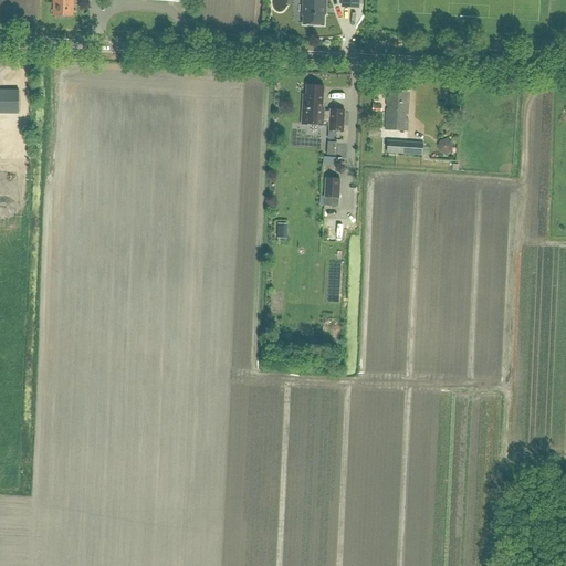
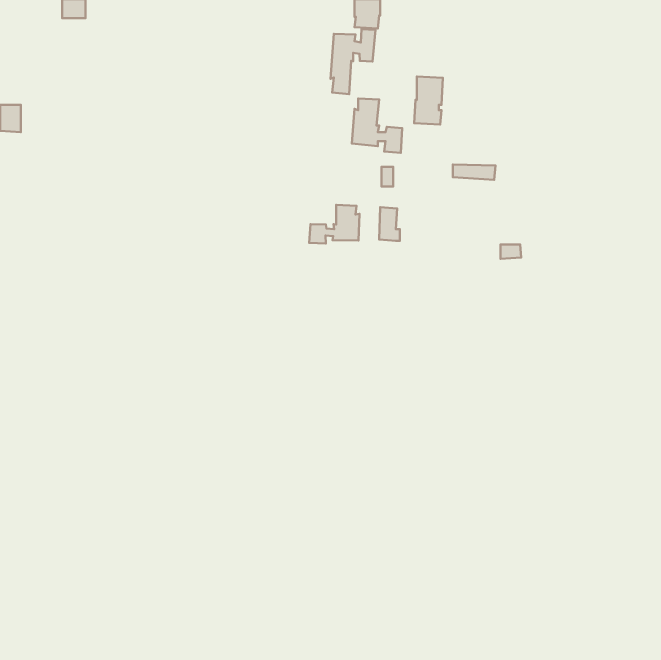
building: none -> [331,29,375,94]
building: [385,90,409,130] -> [414,76,443,124]
building: none -> [309,205,359,243]

